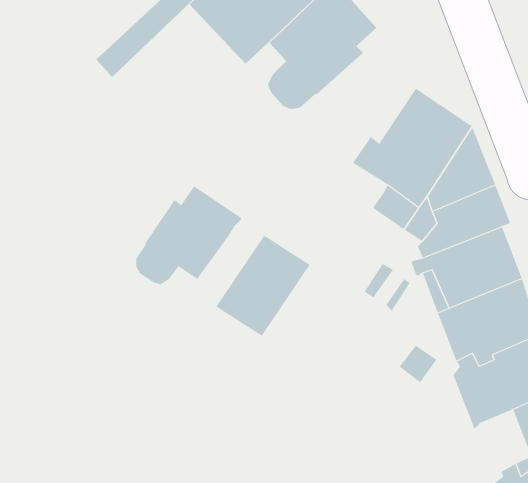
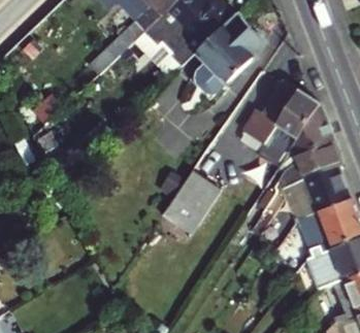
building: [136,185,243,285] -> none

